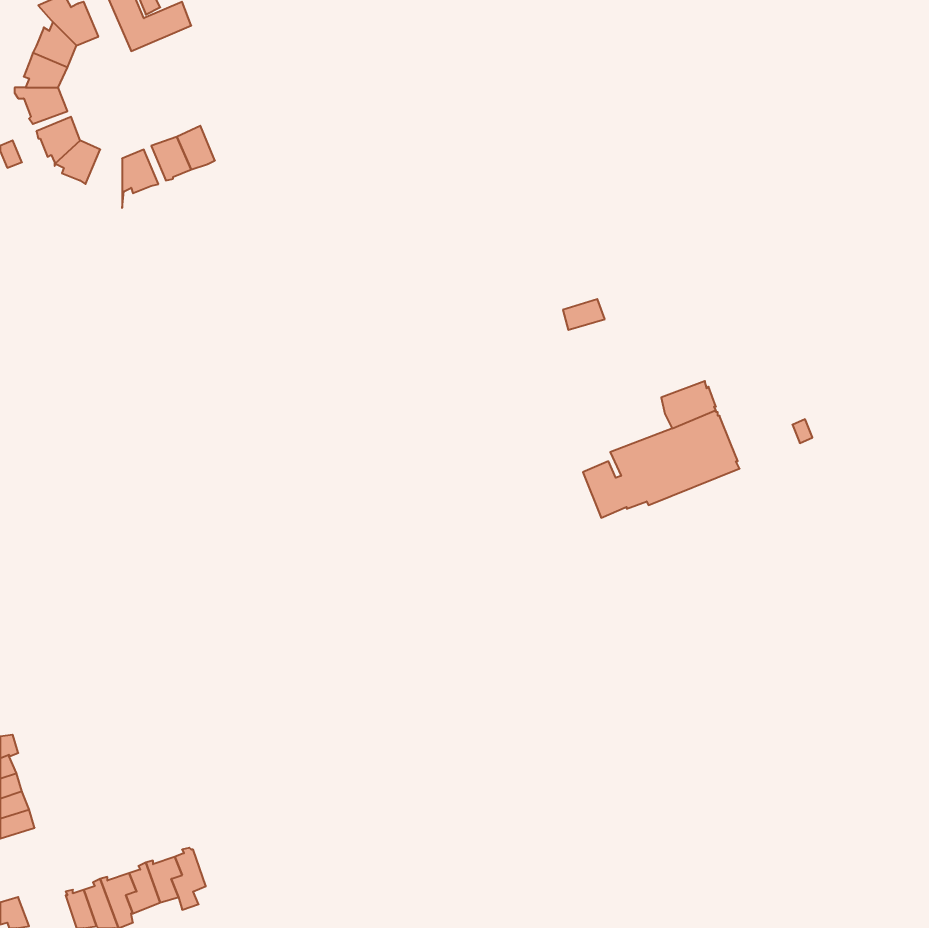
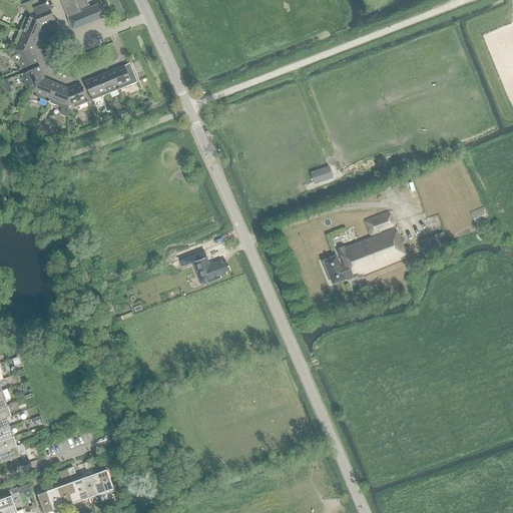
building: none -> [111,61,138,88]
building: none -> [48,82,68,114]
building: none -> [193,255,229,284]

